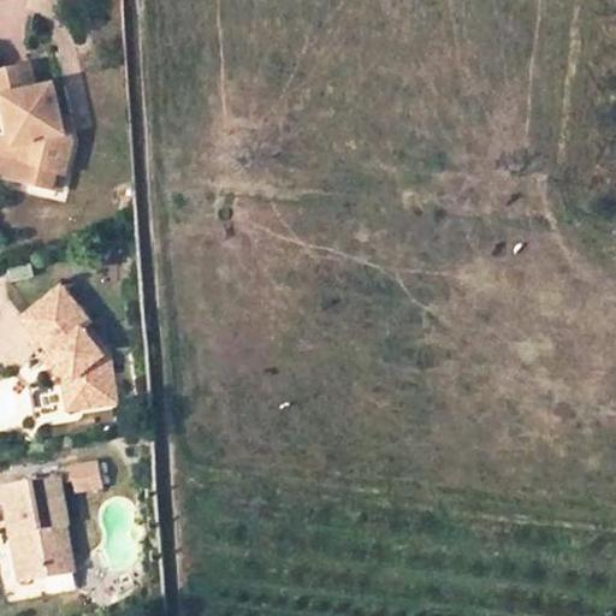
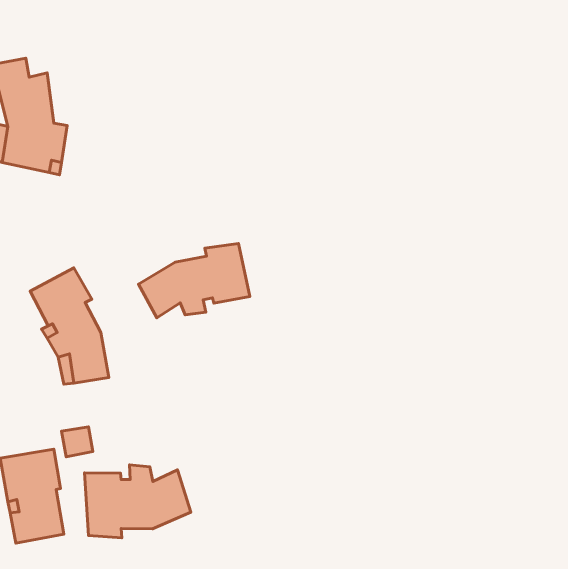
building: none -> [138,244,250,318]
building: none -> [85,465,191,538]

